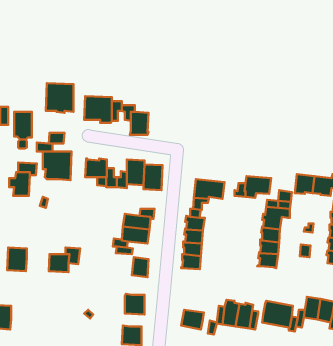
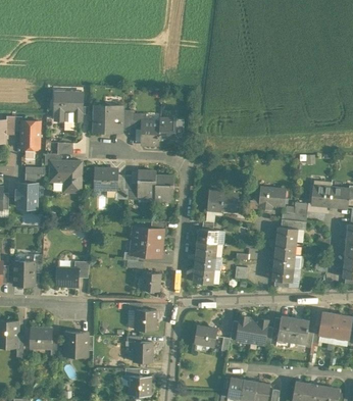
building: none -> [158,119,175,143]
building: none -> [29,329,51,348]
building: none -> [64,332,87,358]

